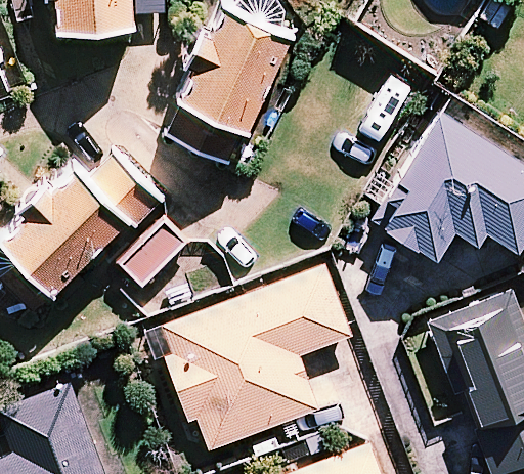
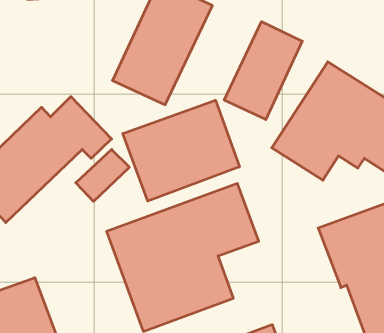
building: none -> [224,22,302,120]
building: none -> [123,100,239,201]

